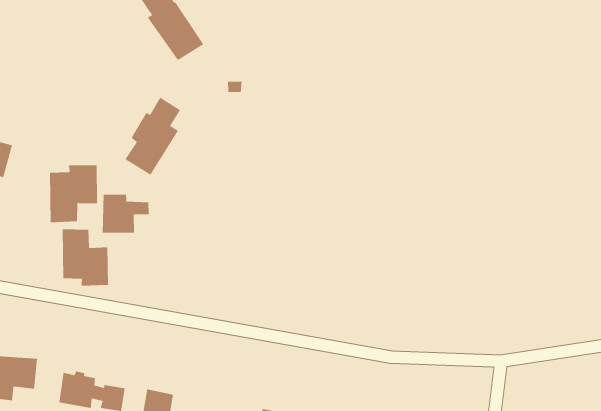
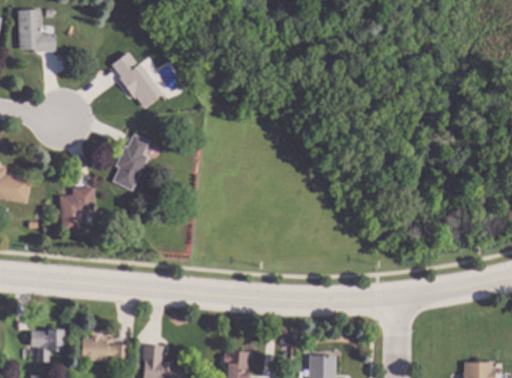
building: [102,194,149,234] -> none
building: [62,228,108,286] -> none

